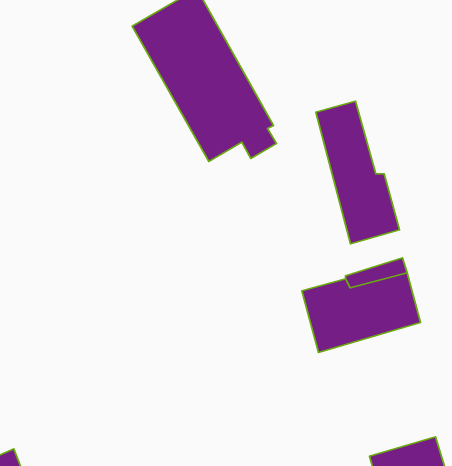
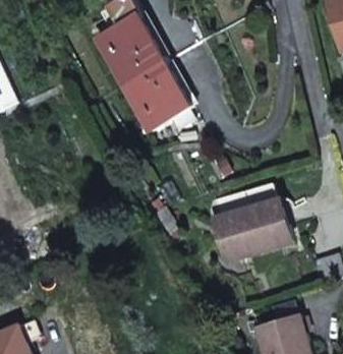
building: [316,101,400,244] -> none

